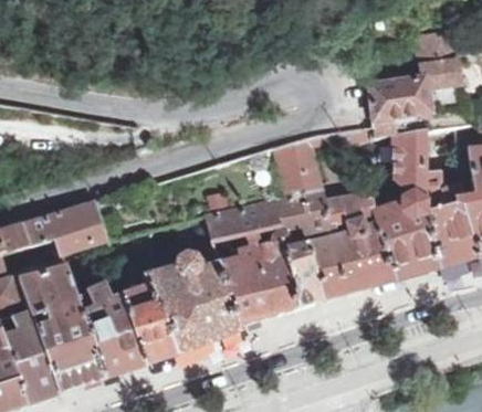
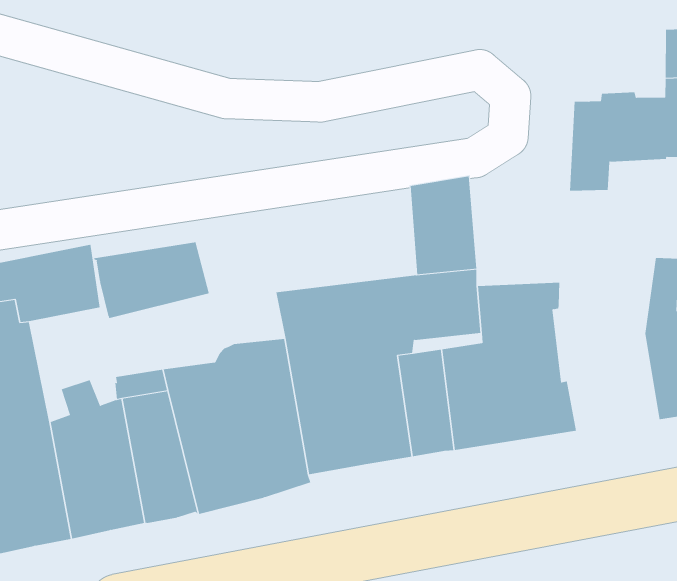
building: [365,129,441,278] -> none
building: none -> [93,242,209,319]

